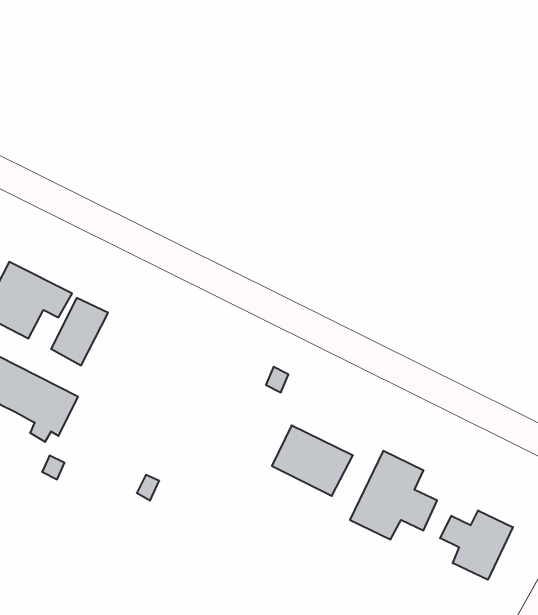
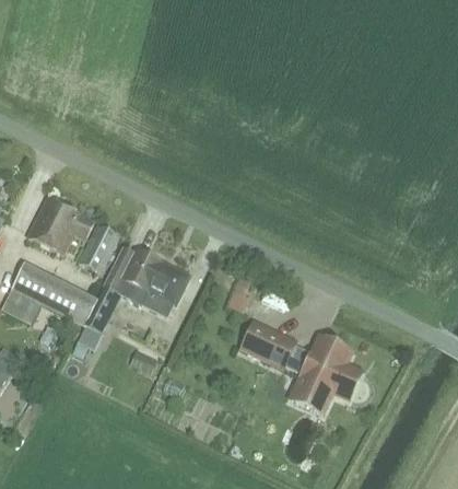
building: none -> [85,246,190,333]
building: [440,510,513,580] -> none

